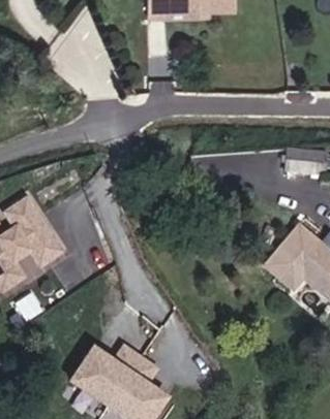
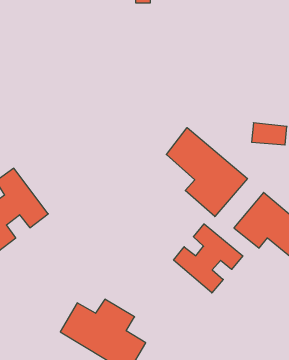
building: none -> [166,128,247,217]
building: none -> [174,224,243,293]

